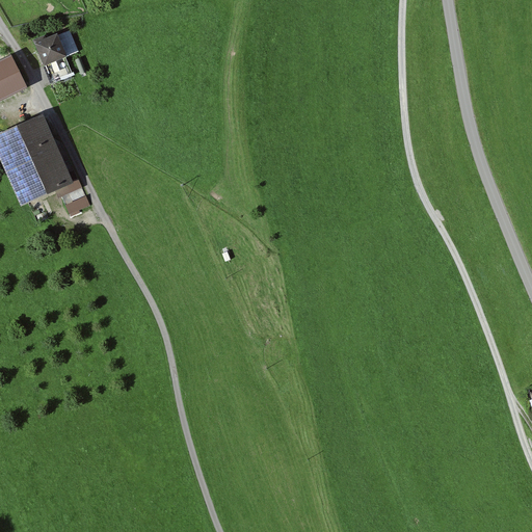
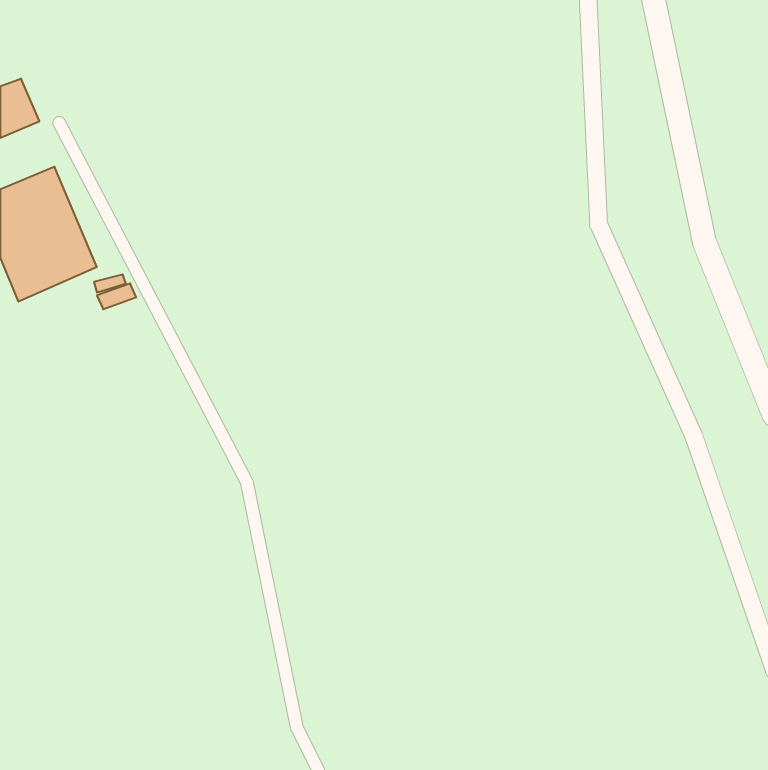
building: [31,34,65,64] -> none

